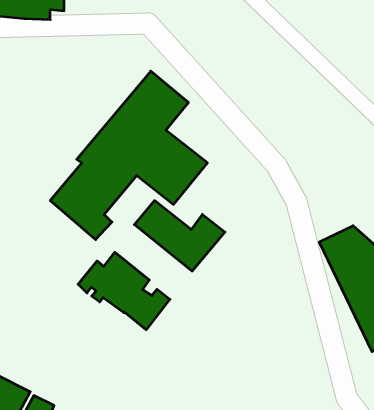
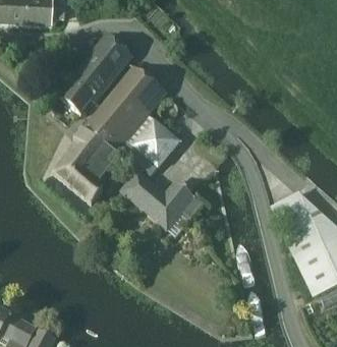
building: none -> [59,37,130,114]
building: [78,252,170,330] -> none

